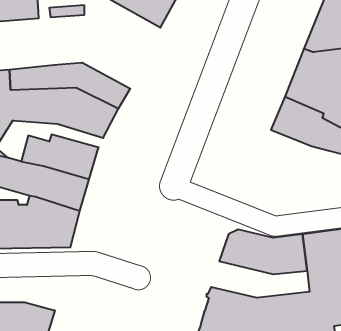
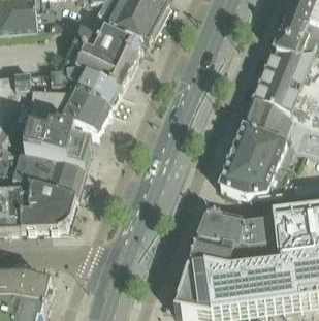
building: none -> [52,23,141,89]
building: none -> [220,125,295,195]
building: none -> [189,240,278,272]

